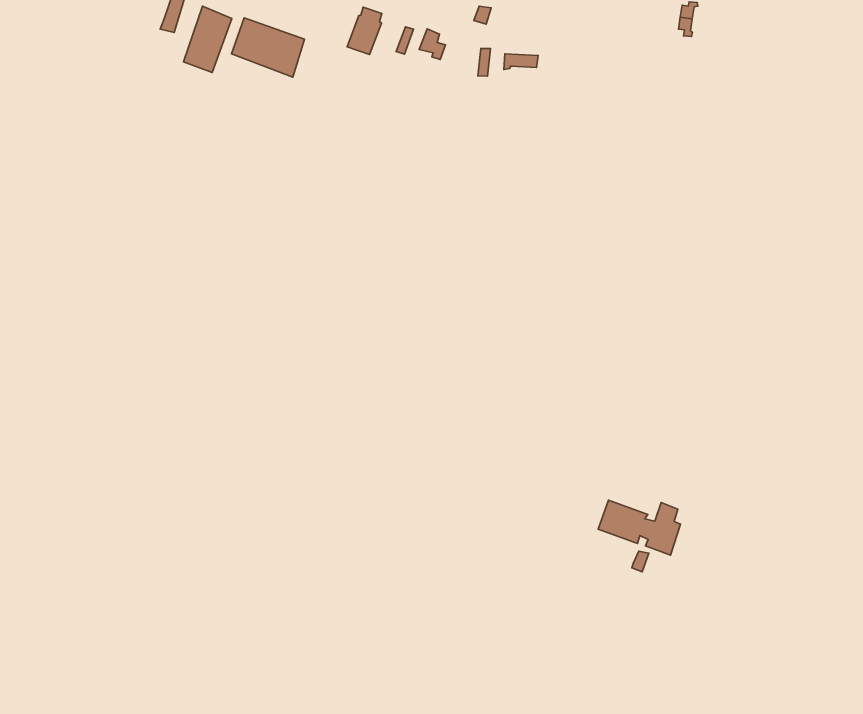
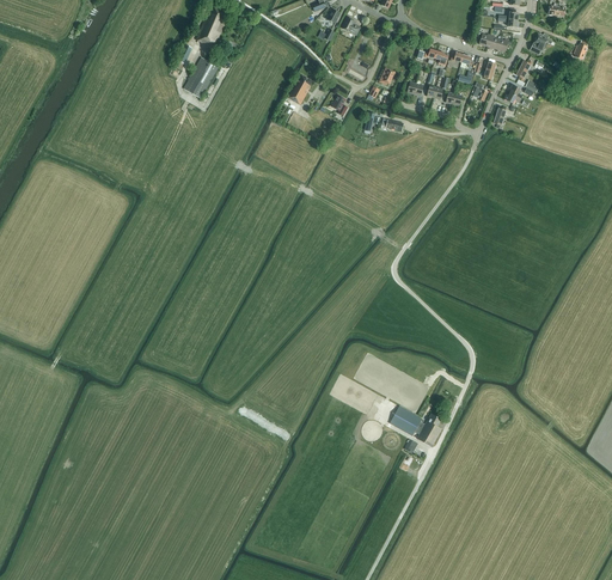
building: [231,18,304,77] -> none

